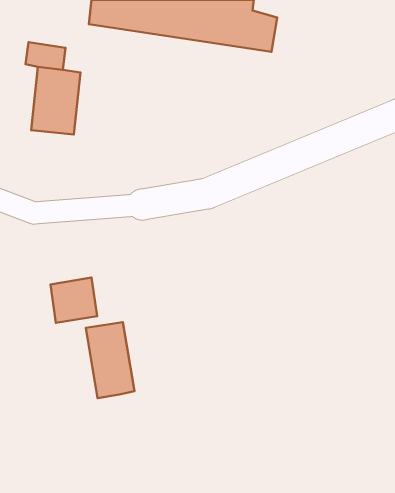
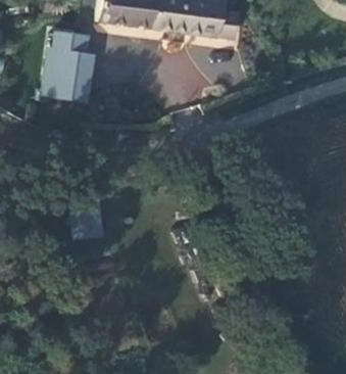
building: [86,322,134,398] -> none

